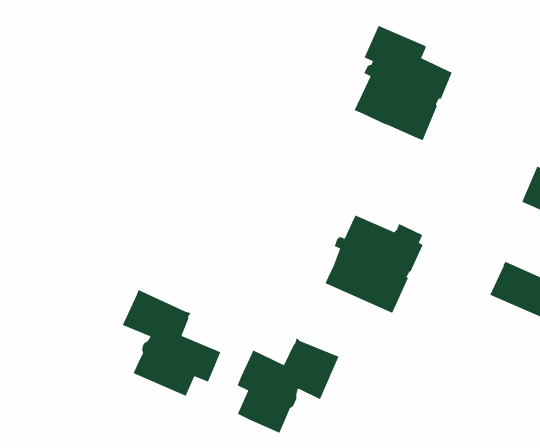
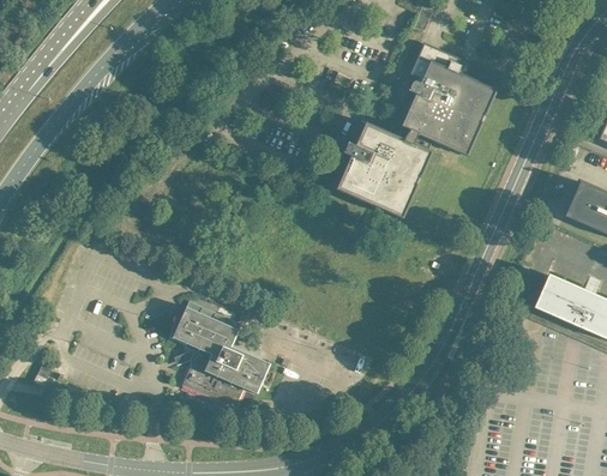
building: [324,215,423,314] -> [336,121,433,218]
building: [236,336,340,434] -> none

